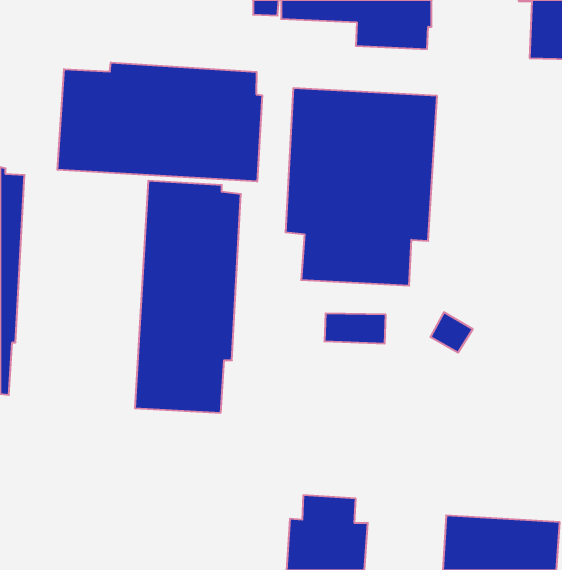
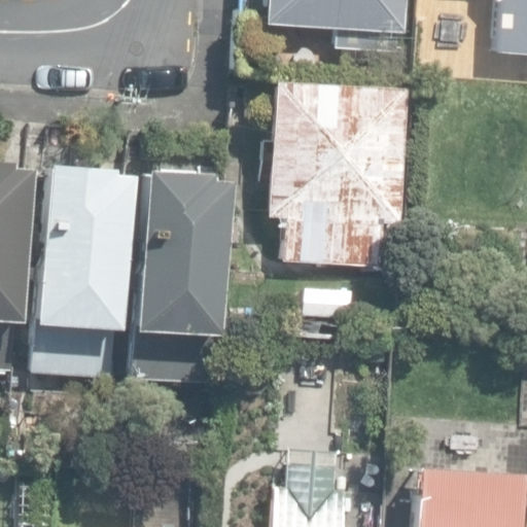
building: [58,62,262,182] -> none
building: none -> [29,157,127,386]

